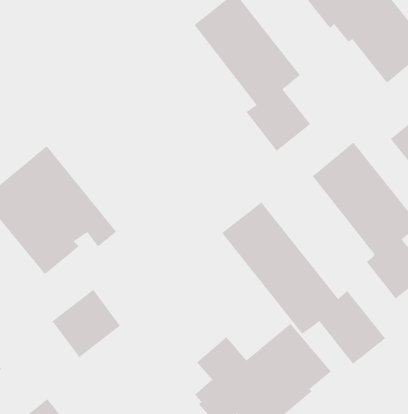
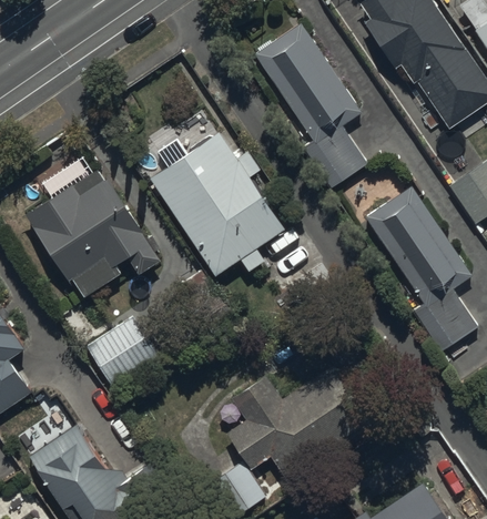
building: none -> [149,130,286,276]
building: [221,201,386,365] -> none

